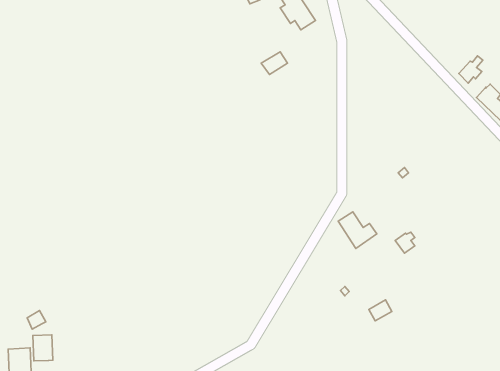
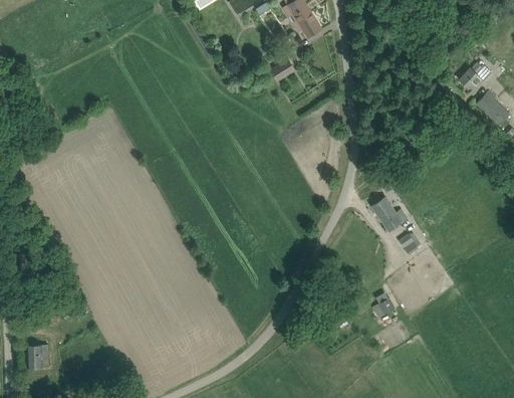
building: [338,212,377,248] -> [370,197,408,232]
building: [33,335,53,361] -> none

